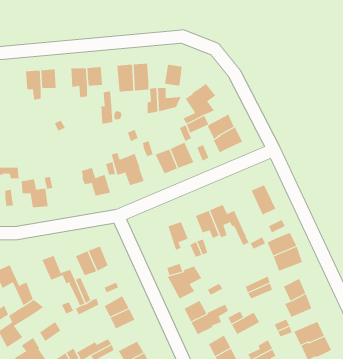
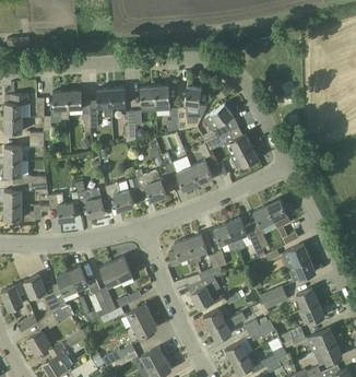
building: none -> [75,181,105,217]
building: none -> [251,205,274,249]
building: none -> [168,239,195,267]
building: none -> [57,271,80,316]

